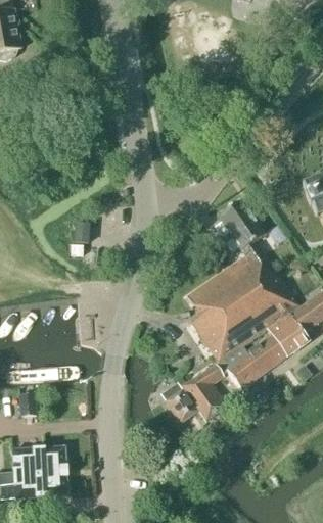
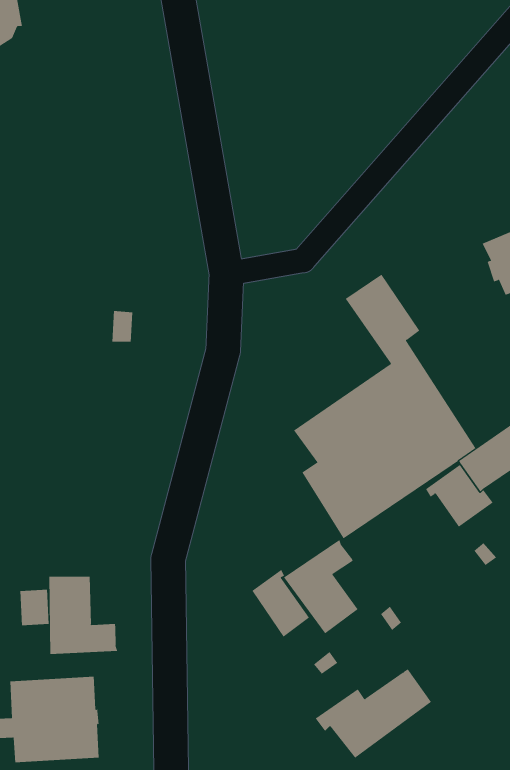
building: [217,335,288,390] -> [315,669,432,759]
building: none -> [49,576,118,655]

